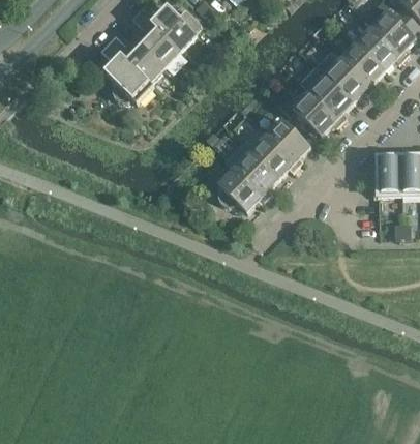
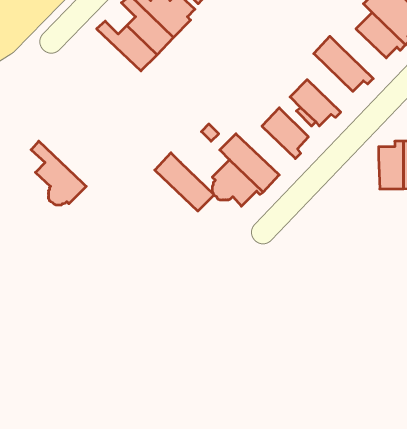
building: [100,41,153,102] -> [31,141,86,205]
building: [340,41,385,89] -> none
building: [300,65,353,121] -> none
building: [241,125,298,181] -> [155,153,214,211]

